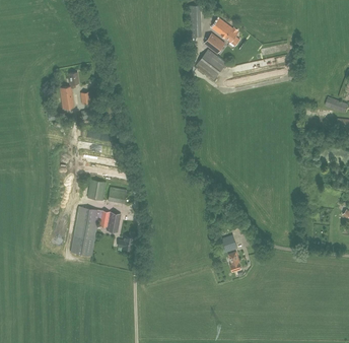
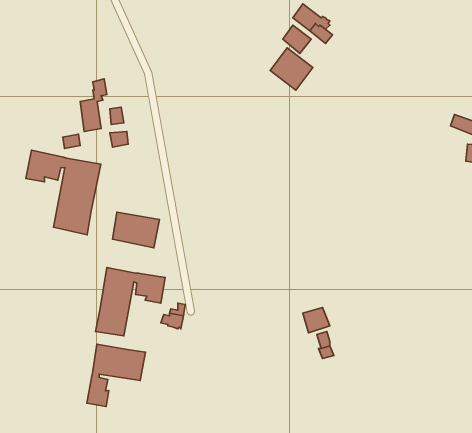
building: none -> [26,150,101,235]
building: none -> [87,344,146,407]

